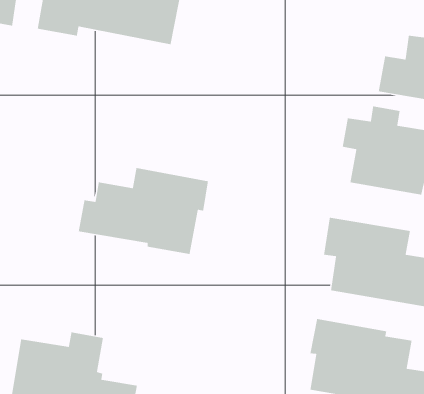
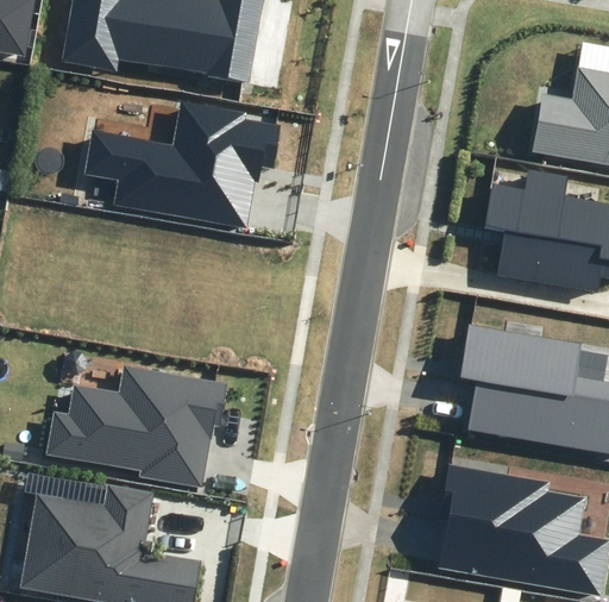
building: none -> [87,100,282,226]
building: [78,167,209,255] -> [44,364,227,487]

